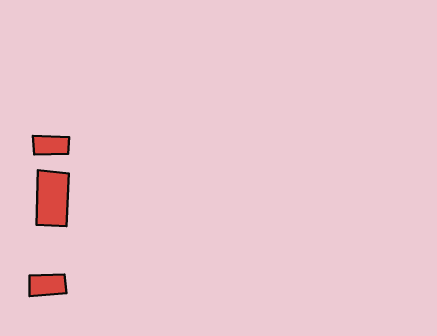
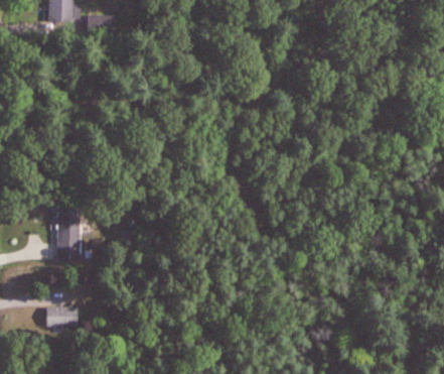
building: [33,136,69,154] -> none

